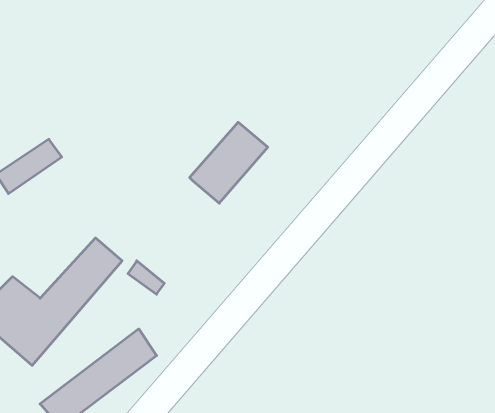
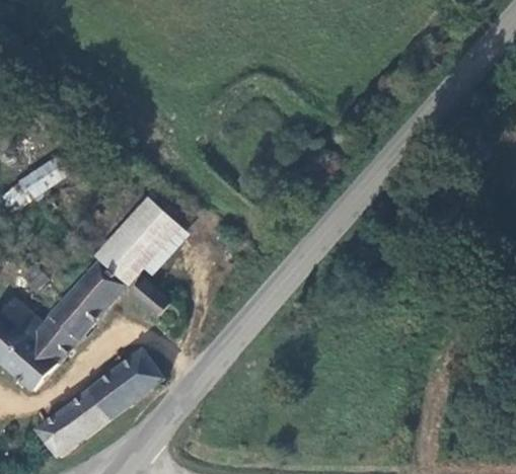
building: [190,122,268,203] -> [96,199,176,282]

